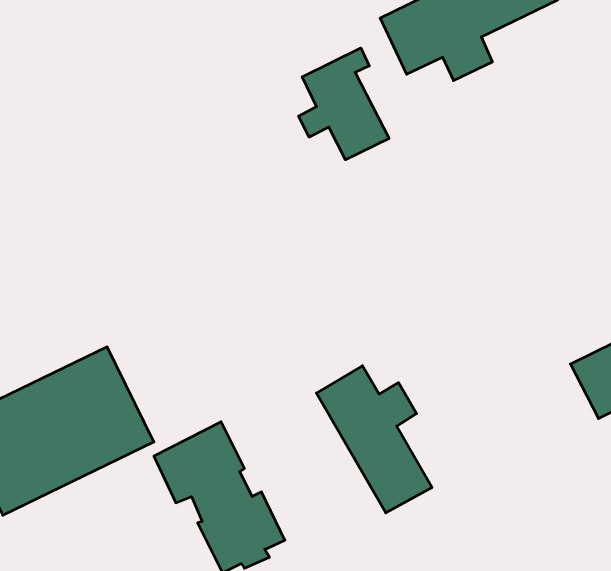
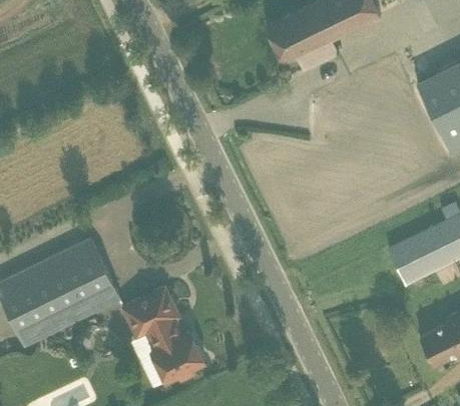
building: [299,48,389,160] -> none
building: [316,366,432,513] -> none

